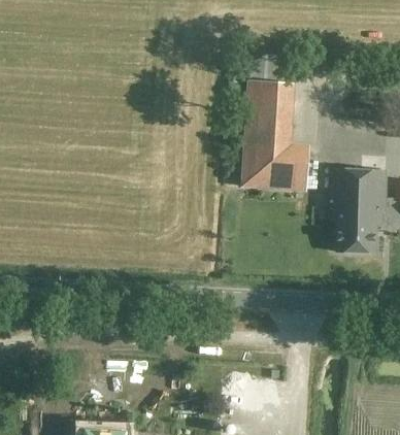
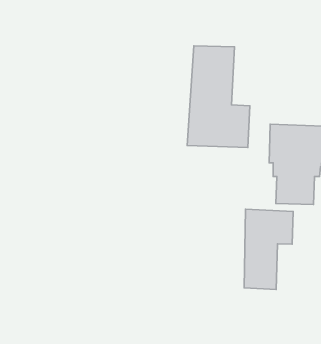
building: none -> [244,209,293,290]

